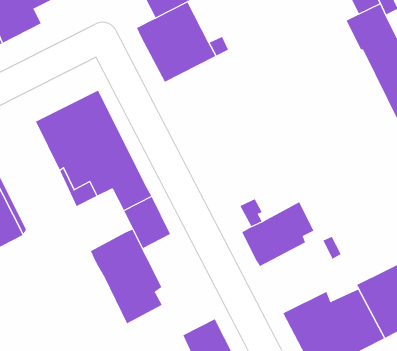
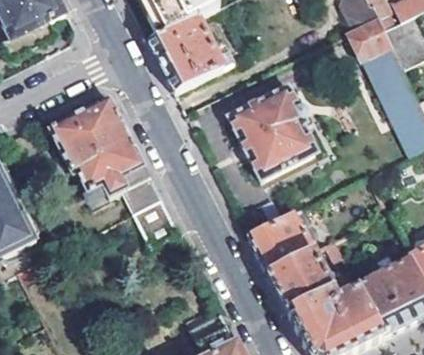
building: none -> [226,81,317,176]
building: [90,229,162,324] -> none
building: none -> [264,246,328,308]

